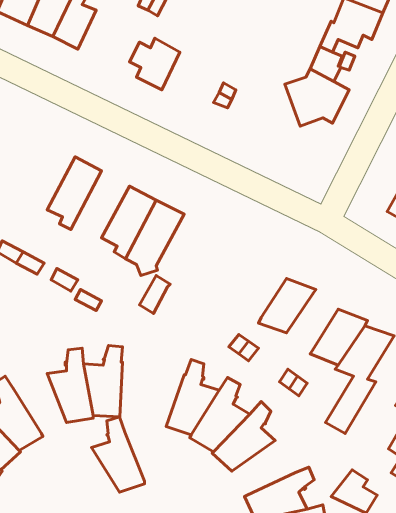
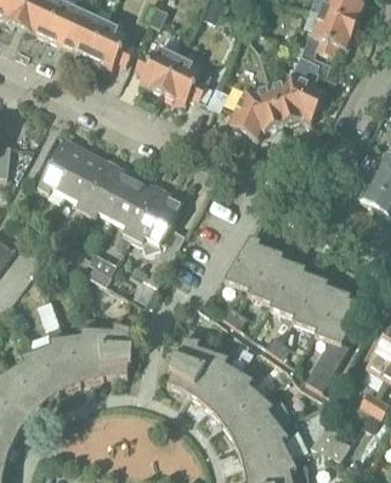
building: none -> [90,23,135,67]
building: none -> [163,59,208,103]
building: none -> [228,87,283,140]
building: none -> [36,138,87,197]
building: none -> [84,163,135,221]
building: none -> [223,238,274,290]
building: none -> [268,269,319,318]
building: [91,417,145,492] -> [34,325,80,391]
building: none -> [222,390,279,444]

